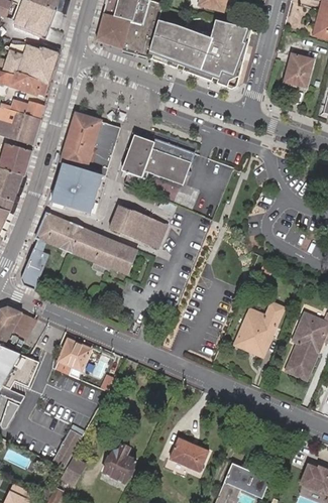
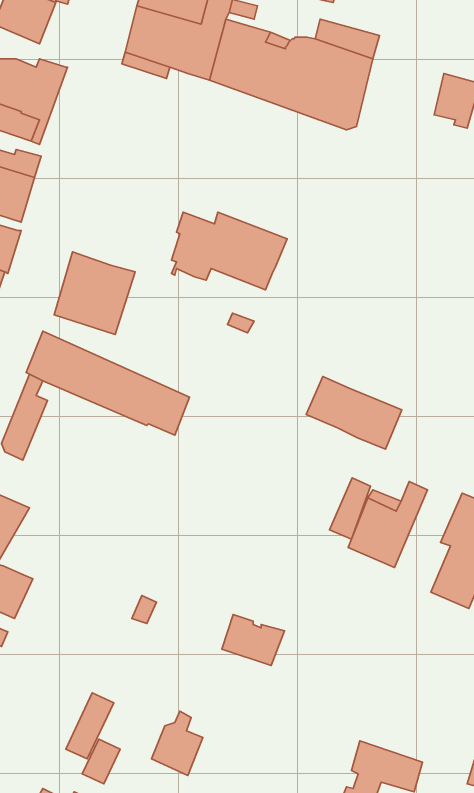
building: [61,113,120,175] -> none
building: [108,205,167,249] -> [306,377,402,449]
building: none -> [329,478,371,539]
building: [56,339,91,378] -> none
building: [177,443,215,474] -> [222,614,284,666]

